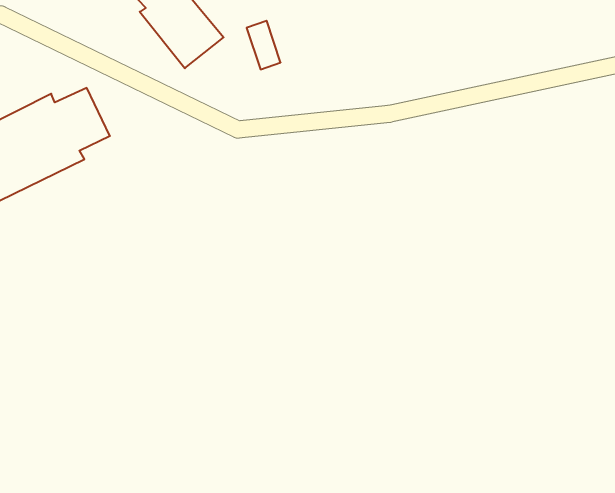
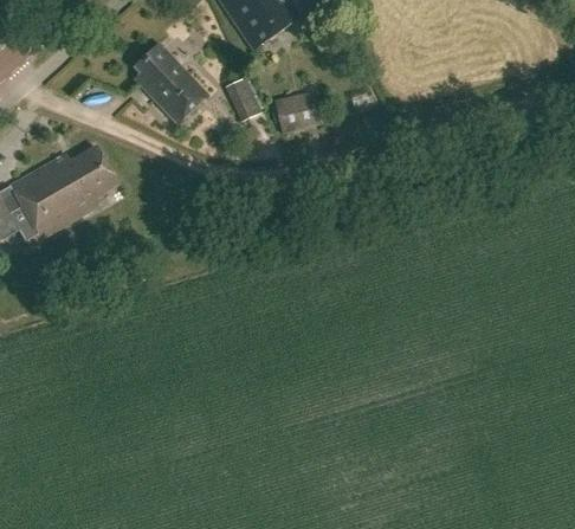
building: none -> [277,90,321,133]

